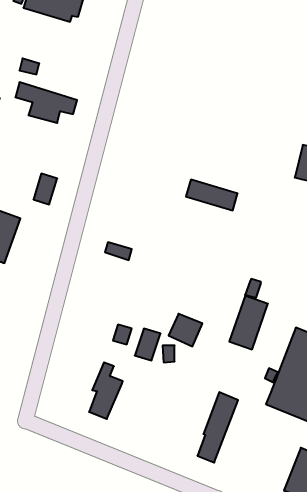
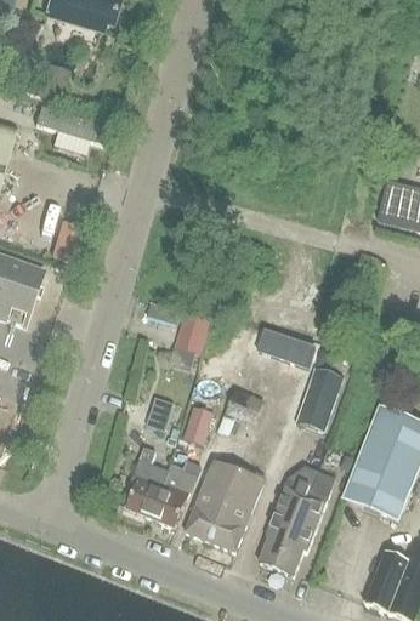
building: [186,180,238,210] -> [244,326,307,364]
building: none -> [174,310,208,352]
building: none -> [148,460,199,526]
building: none -> [185,460,263,551]
building: none -> [279,471,335,574]

